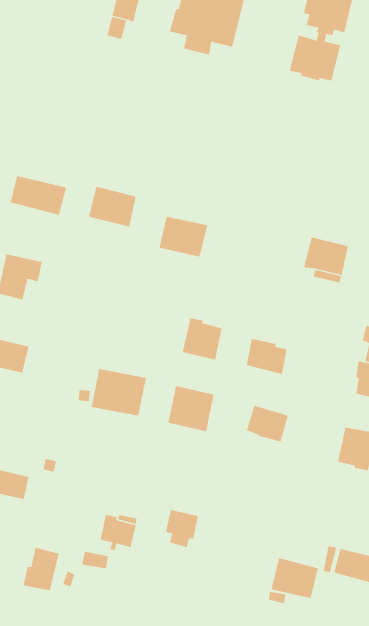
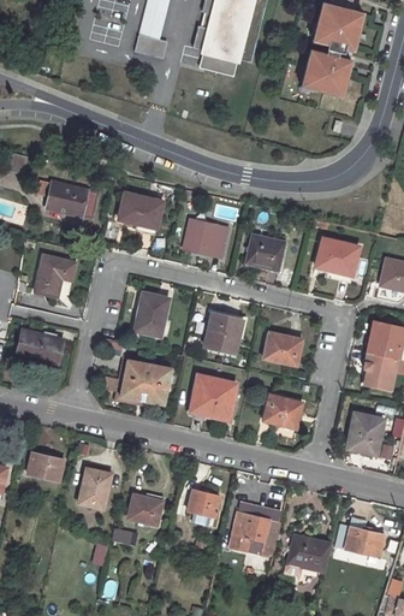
building: none -> [245,232,285,270]
building: none -> [138,291,170,336]
building: none -> [230,511,281,555]
building: [23,547,59,591] -> [78,467,112,508]

